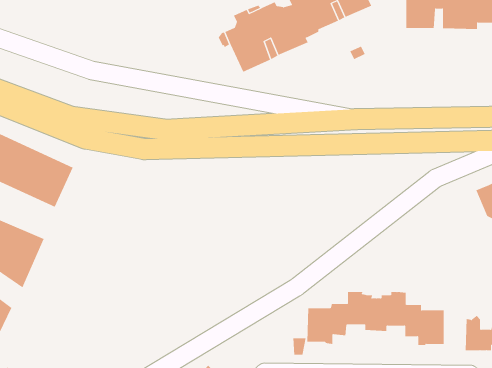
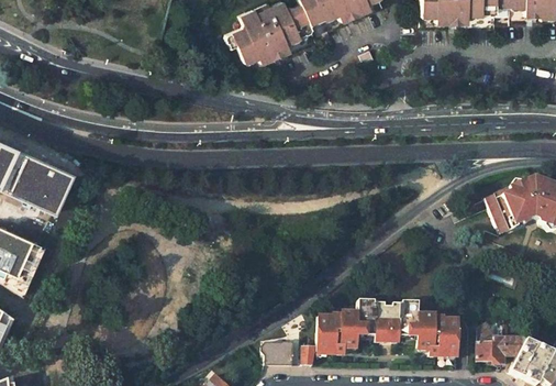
building: none -> [265,341,292,364]

